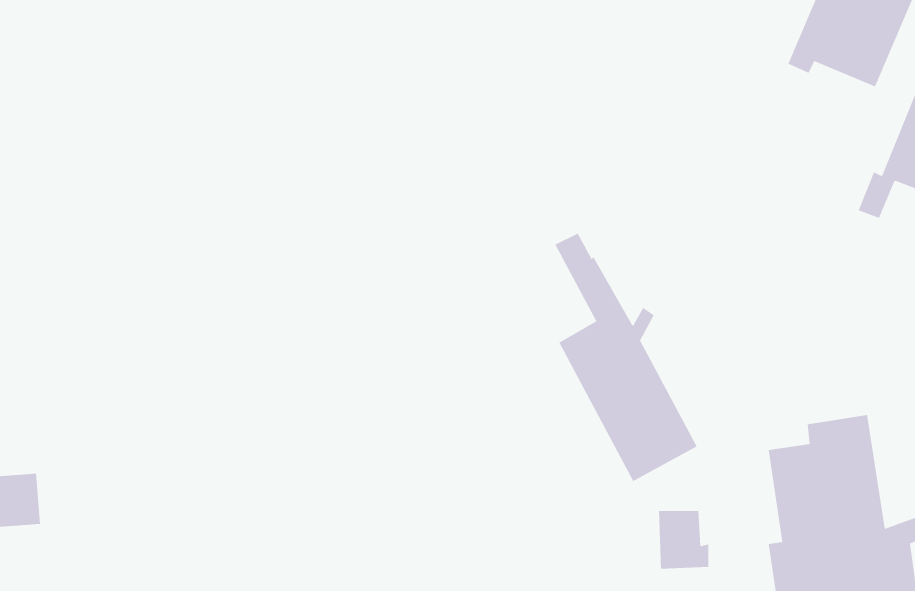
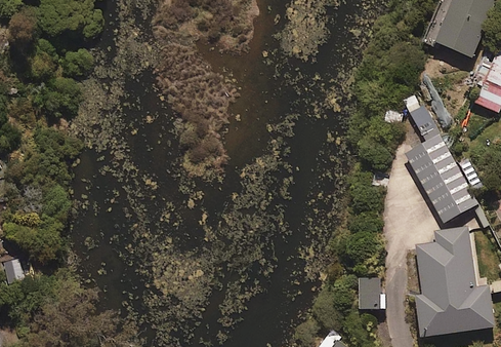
building: [555,233,698,482] -> [402,92,476,223]

